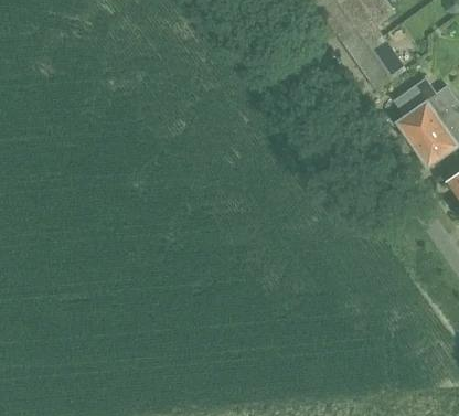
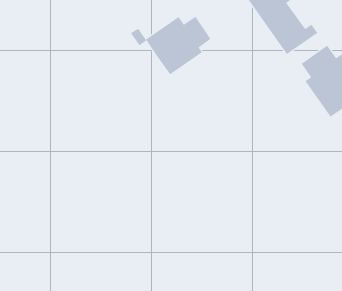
building: none -> [130,16,211,75]

